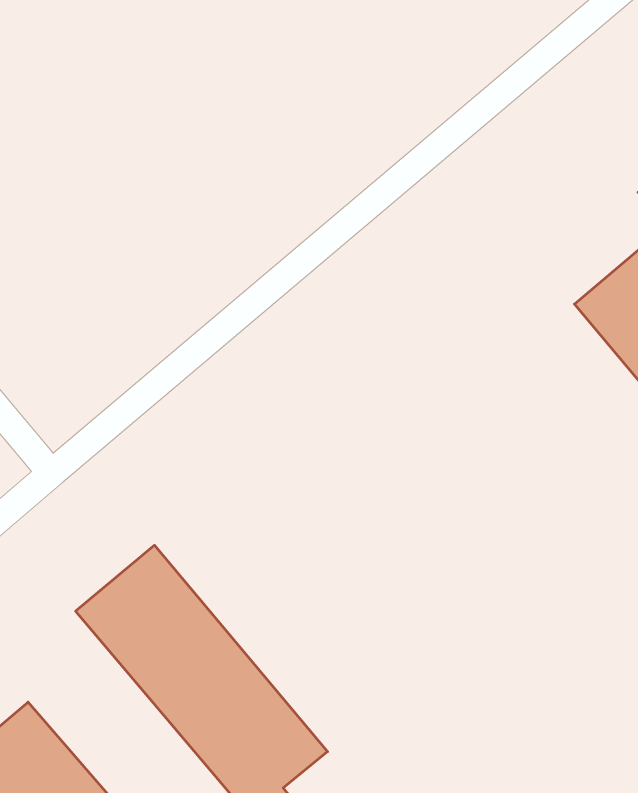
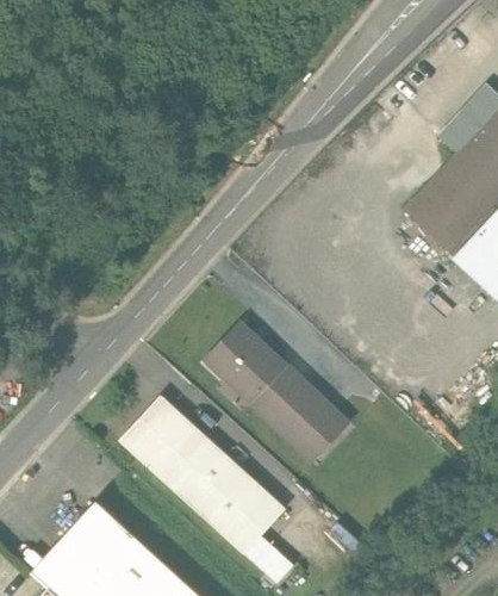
building: none -> [201,322,351,466]

